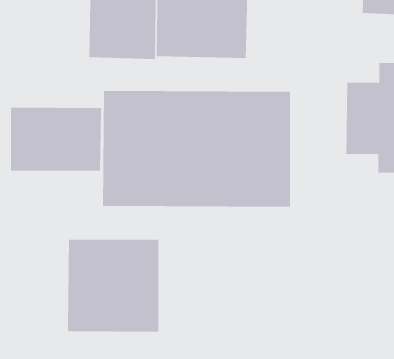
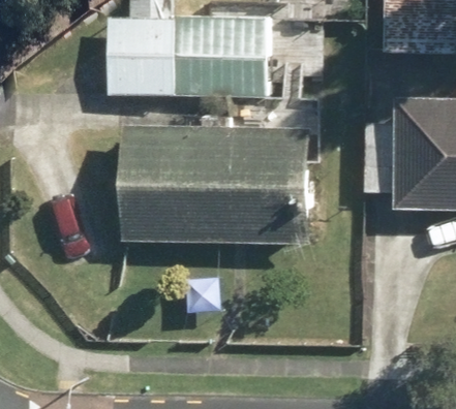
building: [11,107,102,172] -> none
building: [67,239,159,332] -> none

